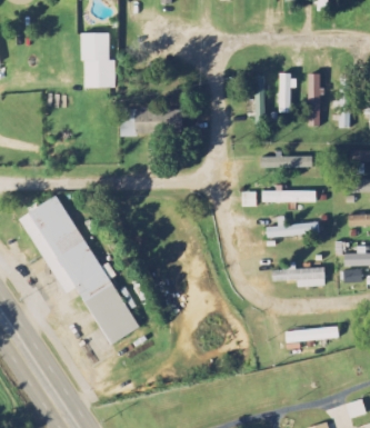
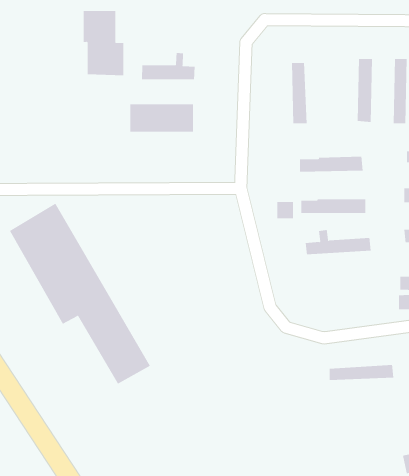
building: none -> [141,52,195,80]
building: [279,74,297,112] -> none
building: [271,262,324,287] -> none

